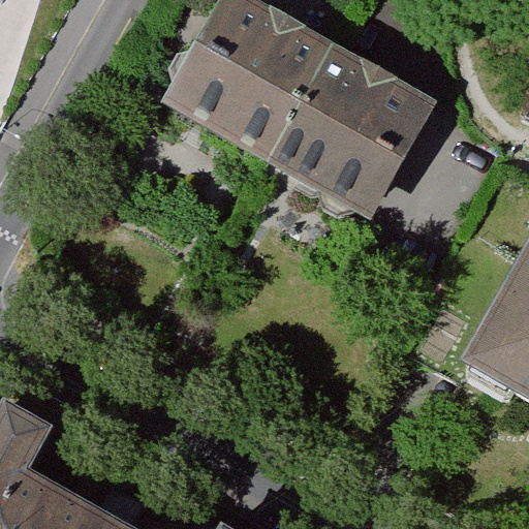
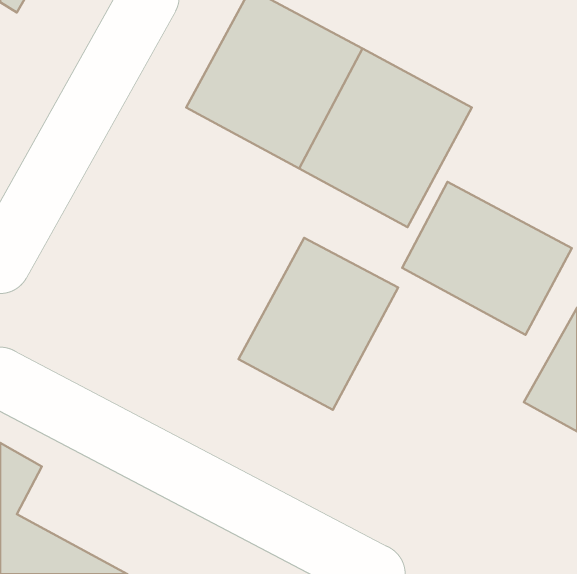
building: none -> [402,182,572,335]
building: none -> [239,238,398,410]

